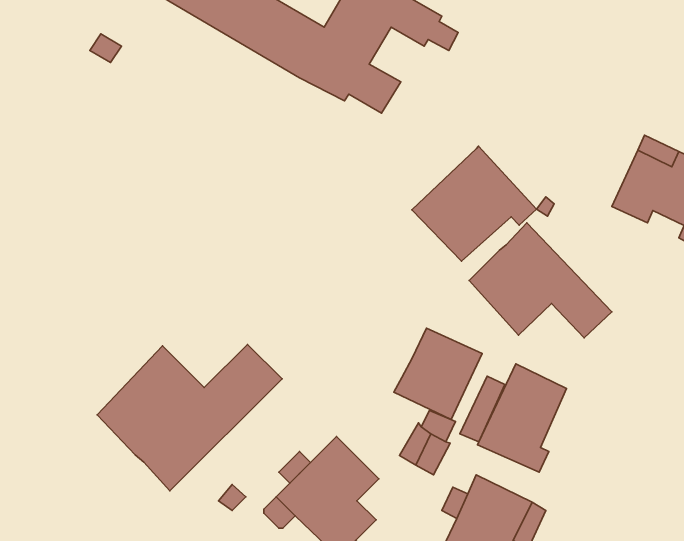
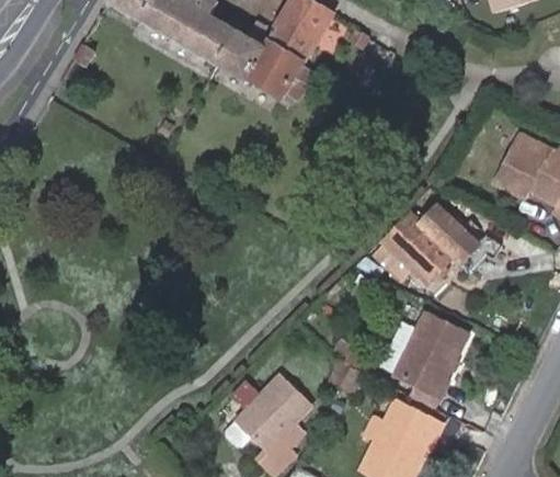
building: [412,146,536,261] -> none
building: [394,328,482,420] -> none
building: [97,344,282,491] -> none

